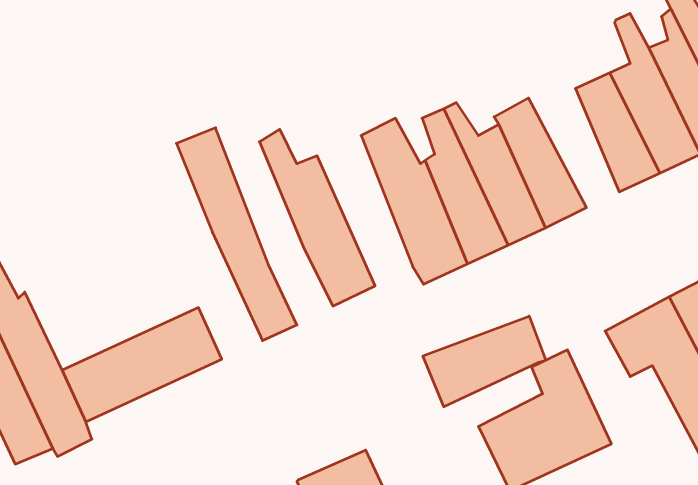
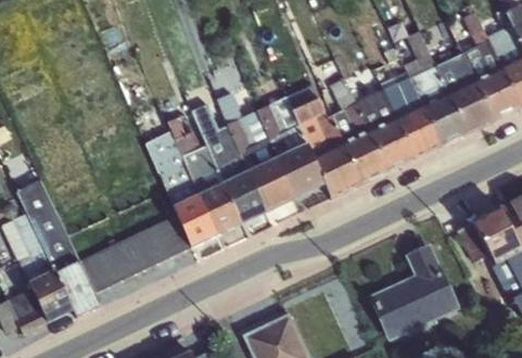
building: none -> [403,29,466,145]
building: none -> [256,95,322,200]
building: none -> [144,135,218,251]
building: none -> [222,172,267,227]
building: [423,316,546,407] -> none

